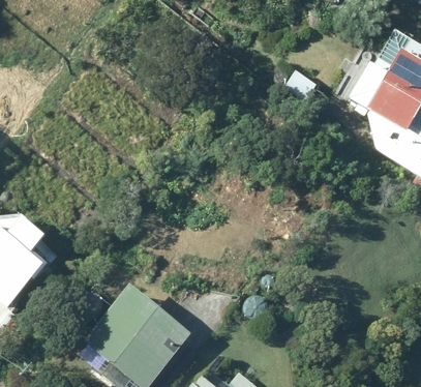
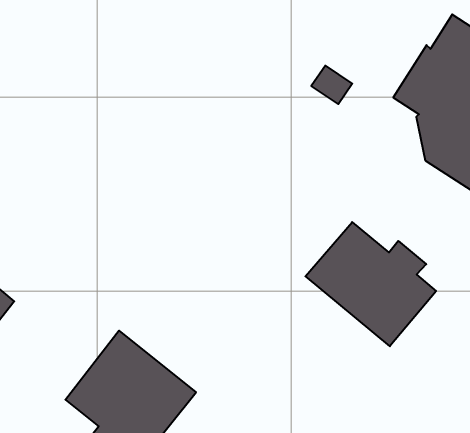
building: none -> [305,222,436,346]

